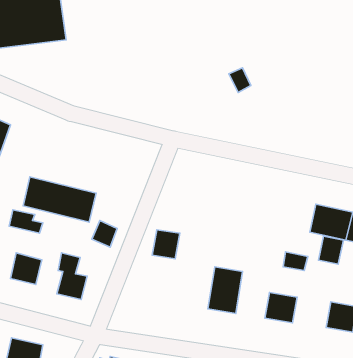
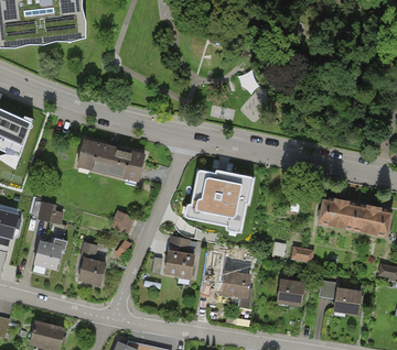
building: none -> [189,168,251,227]
building: [23,177,96,222] -> [76,140,146,183]
building: [318,236,343,264] -> none
building: none -> [164,250,195,278]

